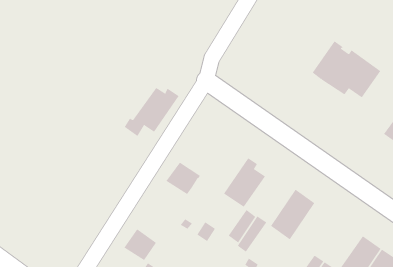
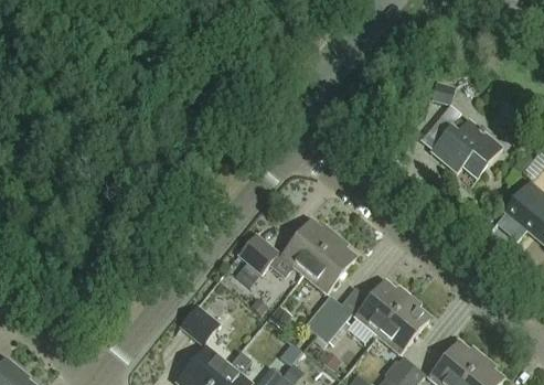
building: [124,87,179,137] -> [267,222,335,278]
building: none -> [376,296,433,355]

